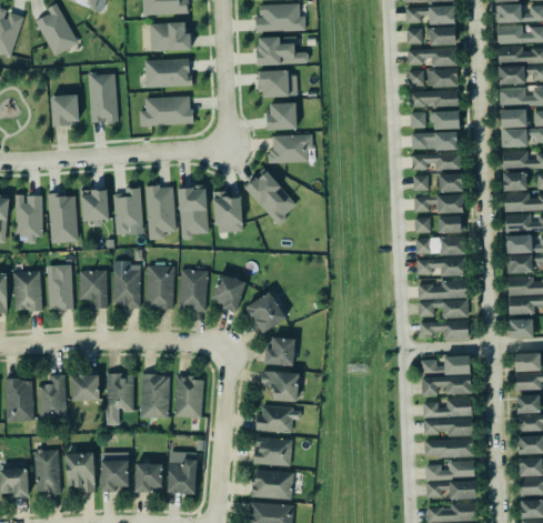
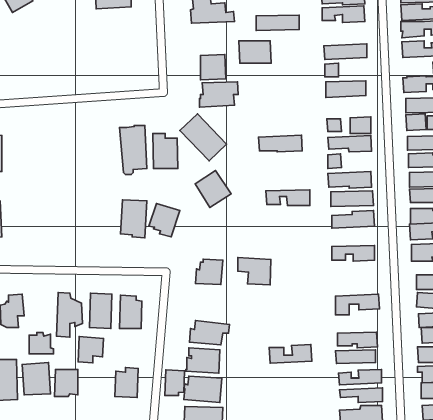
building: [145,59,192,88] -> none
building: [410,69,459,87] -> [256,15,299,31]
building: [88,71,118,121] -> none
building: [261,71,298,97] -> [239,41,271,63]
building: [51,95,80,128] -> none
building: [140,97,193,125] -> none
building: [500,108,530,127] -> none
building: [430,109,459,128] -> none
building: [412,152,462,171] -> [259,135,302,152]
building: [144,183,174,239] -> none
building: [115,185,141,230] -> none
building: [81,190,109,221] -> none
building: [47,191,78,242] -> none
building: [436,214,464,232] -> none
building: [113,262,141,308] -> none
building: [48,265,73,310] -> none
building: [147,265,175,310] -> none
building: [79,268,108,309] -> none
building: [247,292,288,334] -> [195,170,231,207]
building: [419,300,469,318] -> [266,190,310,205]
building: [421,355,471,376] -> none
building: [262,371,300,402] -> [238,257,271,285]
building: [72,374,100,399] -> [29,332,53,354]
building: [422,398,471,419] -> [269,344,312,363]
building: none -> [165,370,184,396]
building: [135,463,164,493] -> [78,336,103,363]

